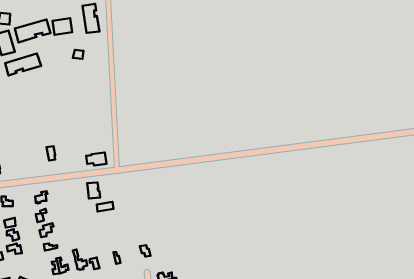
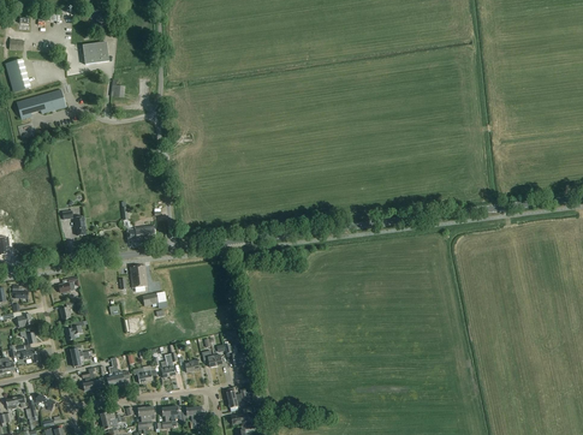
building: [83,4,99,33] -> none
building: [15,20,50,42] -> none

